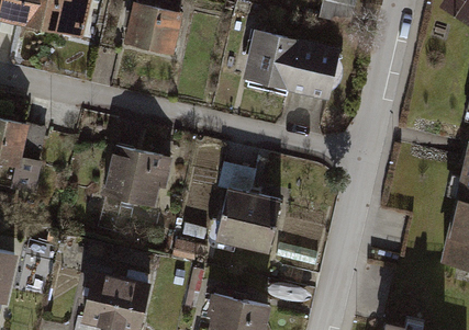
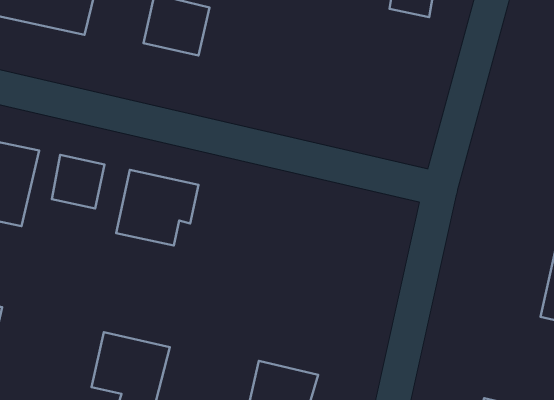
building: [247,31,338,98] -> none
building: none -> [52,155,105,209]
building: [215,163,278,252] -> none

